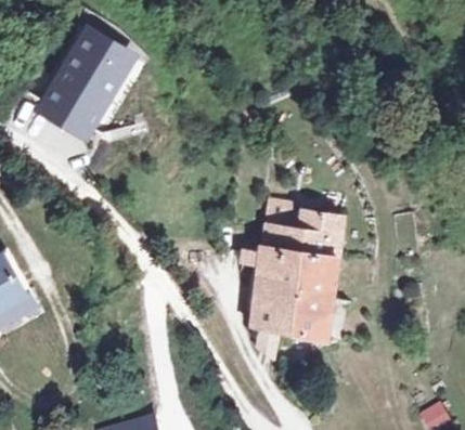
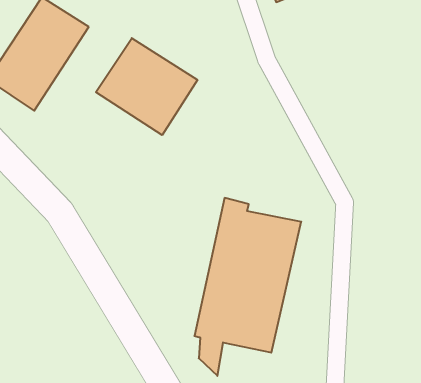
building: none -> [96,38,197,135]

